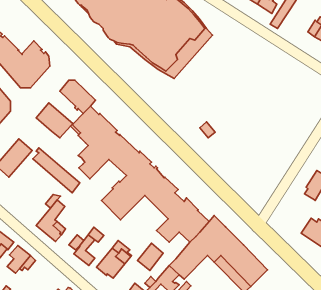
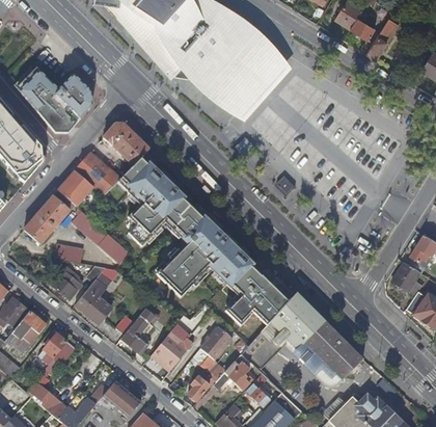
building: none -> [57,170,93,207]
building: none -> [53,244,82,263]
building: none -> [391,262,421,301]
building: none -> [51,270,81,299]

